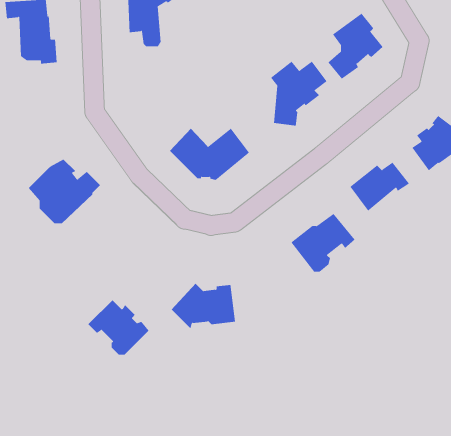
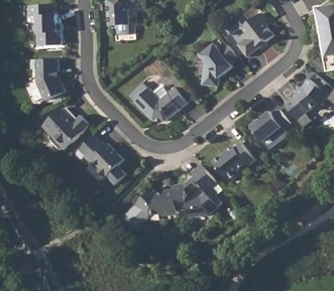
building: none -> [34,57,64,100]
building: none -> [173,167,218,216]
building: [88,299,150,355] -> [82,139,122,175]

